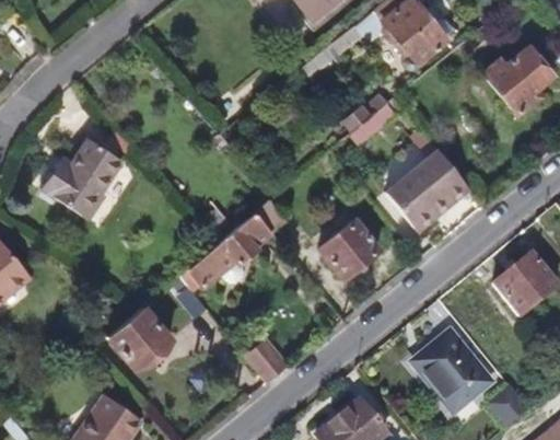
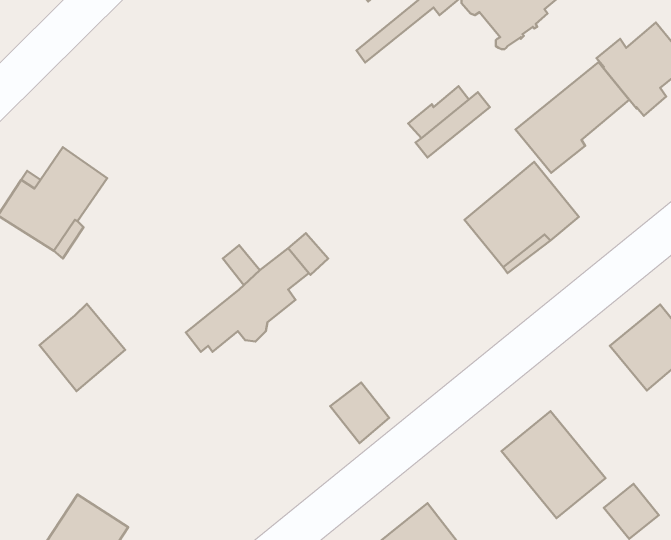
building: none -> [516,62,629,173]
building: [319,218,380,277] -> none
building: [108,304,172,369] -> [39,304,125,391]
building: [246,337,290,382] -> [330,382,389,443]

